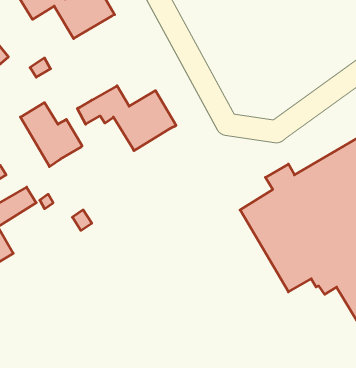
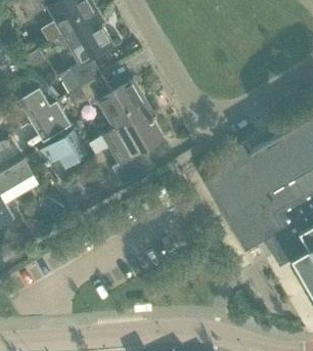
building: none -> [57,15,113,93]
building: none -> [100,111,163,186]
building: none -> [36,127,88,168]

